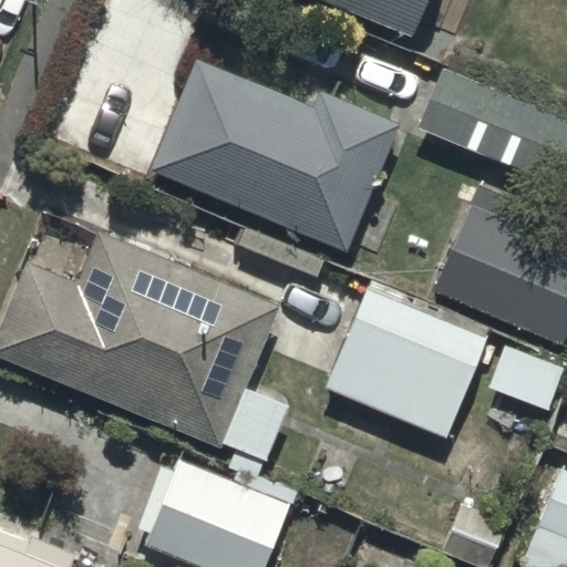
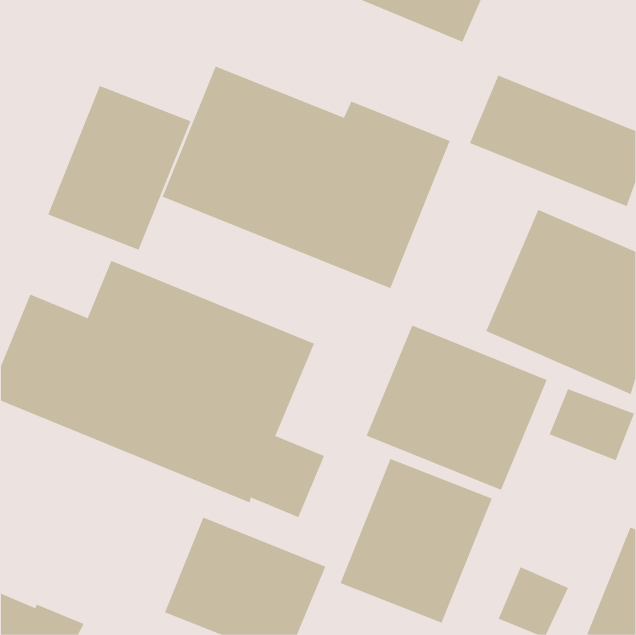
building: none -> [47,85,191,251]
building: none -> [340,458,492,624]

